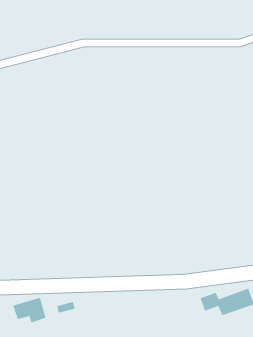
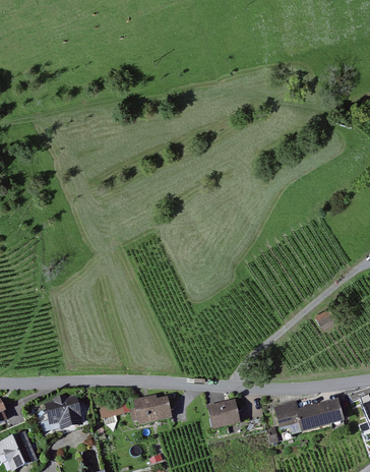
building: none -> [132,399,169,423]
building: none -> [205,403,238,427]

